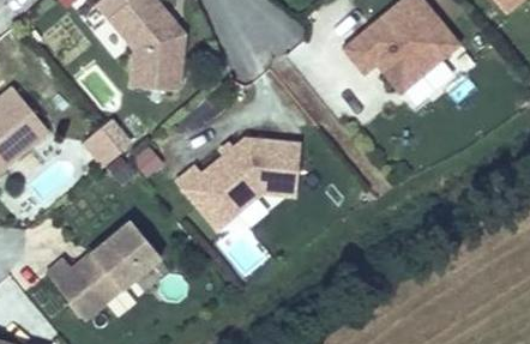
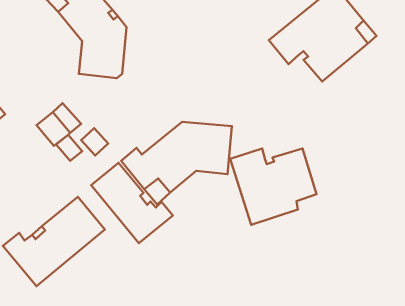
building: none -> [230,148,317,225]
building: none -> [91,163,173,243]

